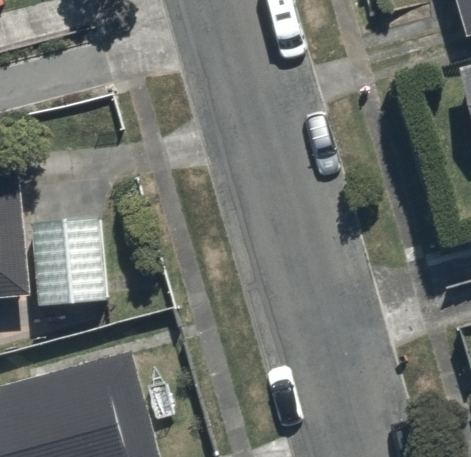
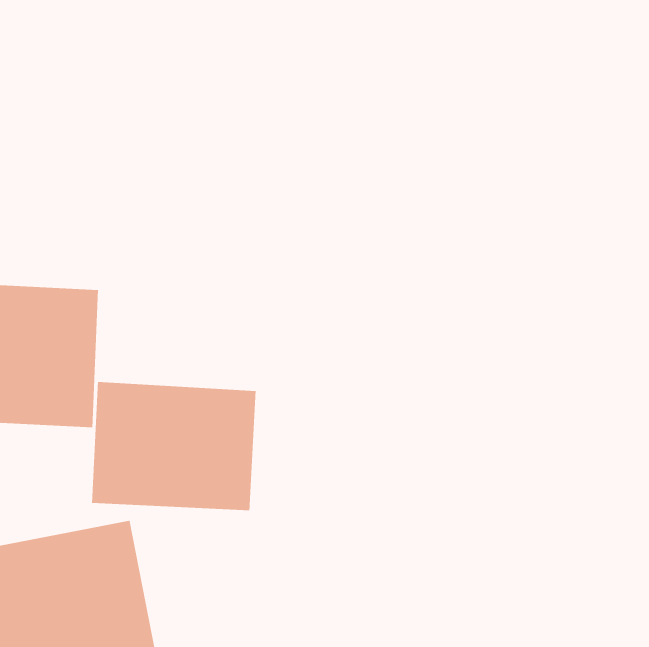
building: none -> [91,381,256,511]

